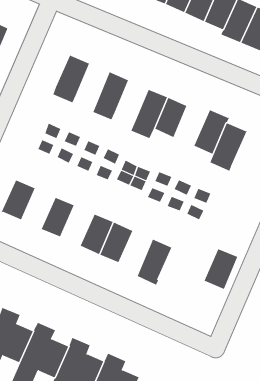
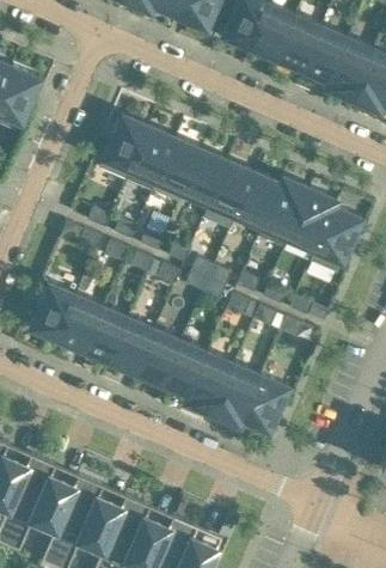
building: none -> [128,126,177,191]
building: none -> [185,148,229,203]
building: none -> [259,175,312,246]
building: none -> [59,294,104,349]
building: none -> [111,317,157,372]
building: none -> [186,352,235,413]
building: [204,249,238,290] -> [243,374,289,430]

